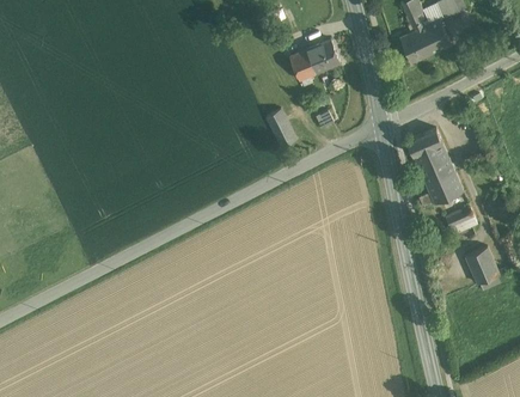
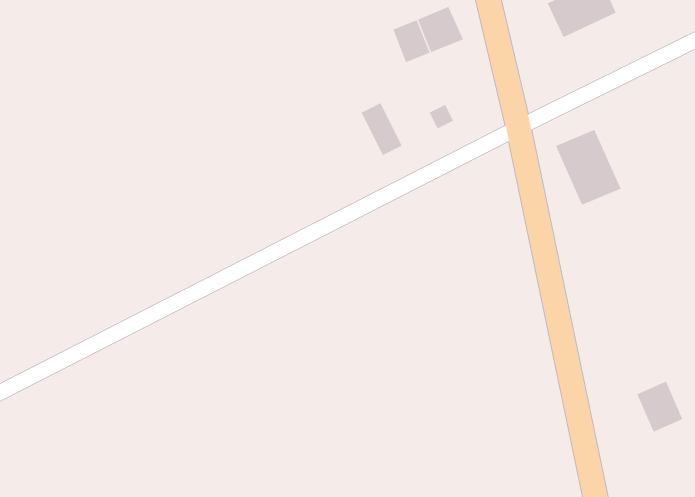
building: [418,171,463,207] -> none
building: [445,206,477,234] -> none
building: [465,246,498,283] -> [637,381,683,432]

